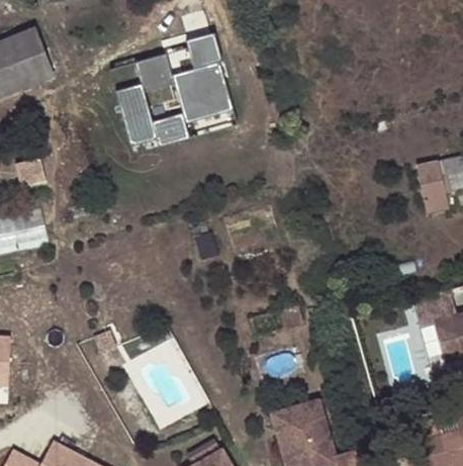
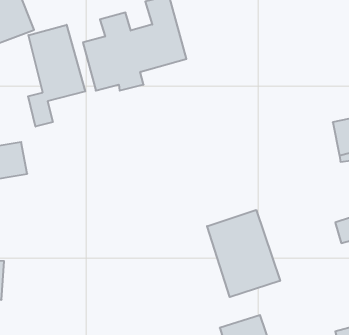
building: none -> [28,25,85,127]
building: none -> [207,210,280,297]

